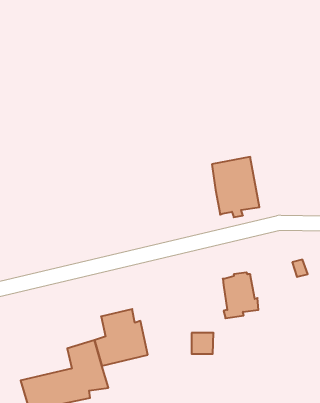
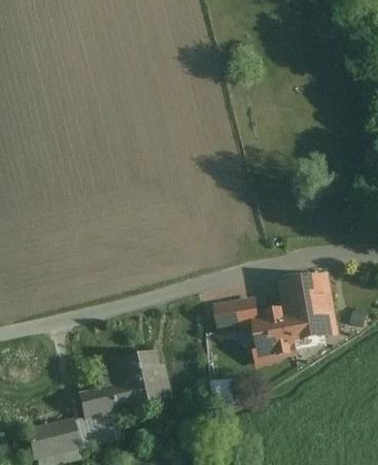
building: [212,157,259,217] -> [279,272,333,340]
building: none -> [213,295,254,328]

